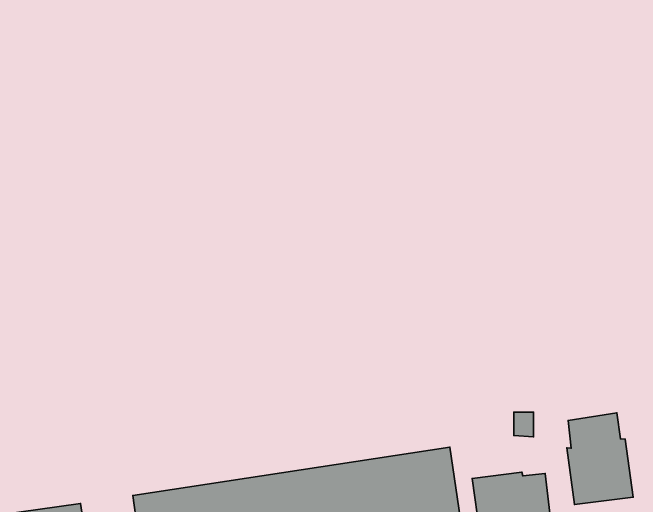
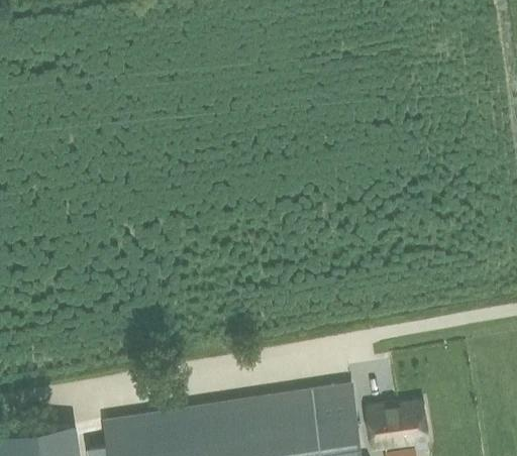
building: [567,413,633,505] -> none

